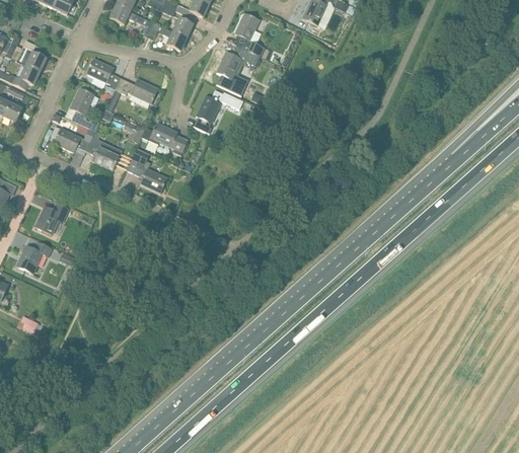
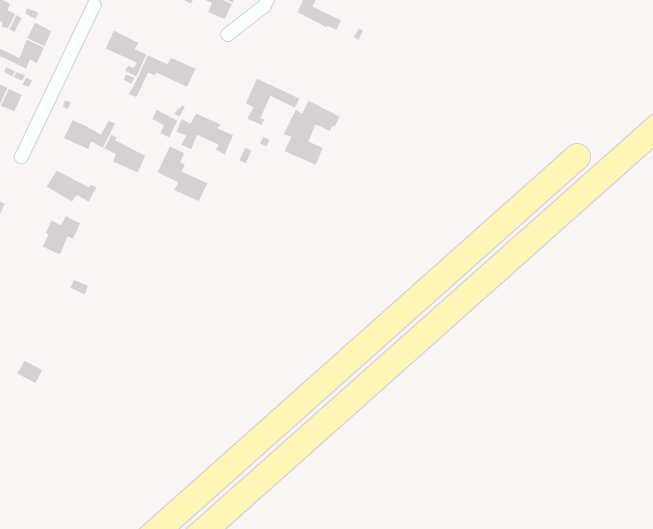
building: [216,44,262,95] -> [282,100,341,166]
building: [70,87,97,130] -> none
building: none -> [46,170,98,203]
building: [16,240,52,273] -> none

